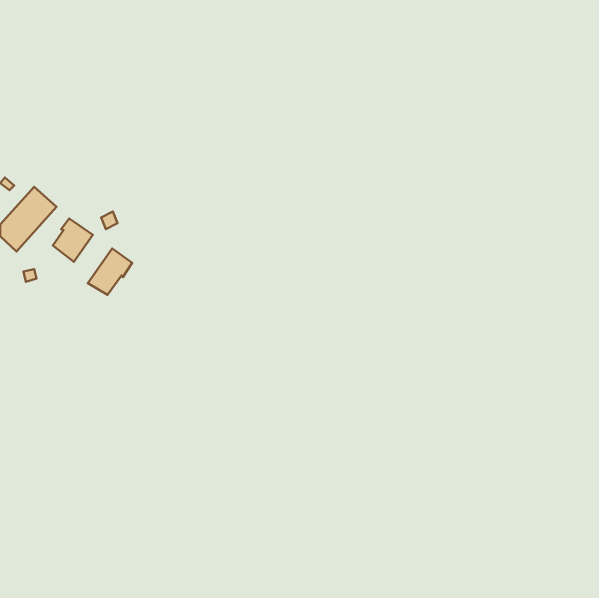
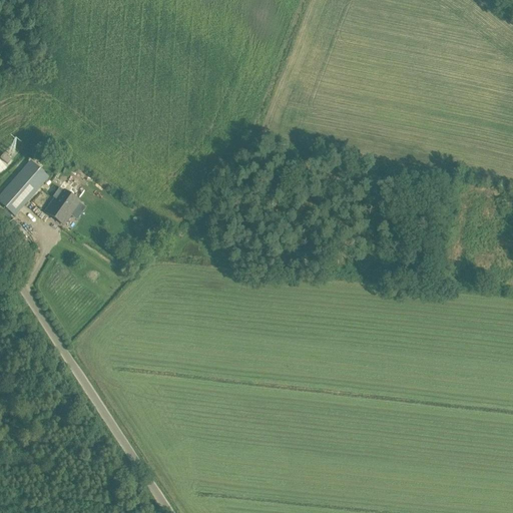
building: [88,249,132,295] -> none

